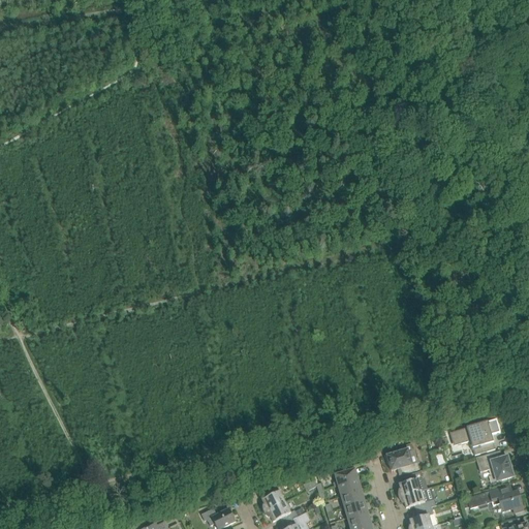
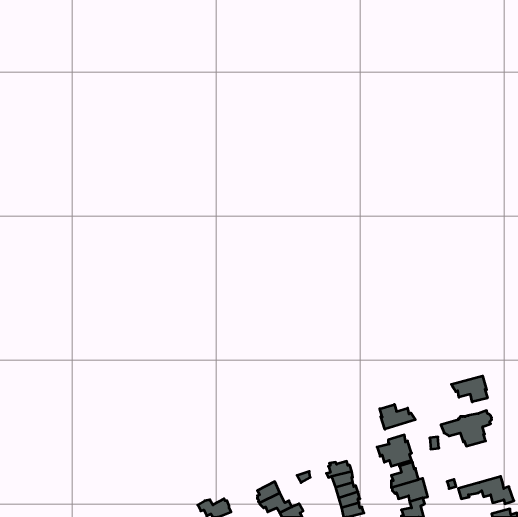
building: none -> [451,376,487,402]
building: none -> [380,404,415,429]
building: [475,450,514,481] -> none

